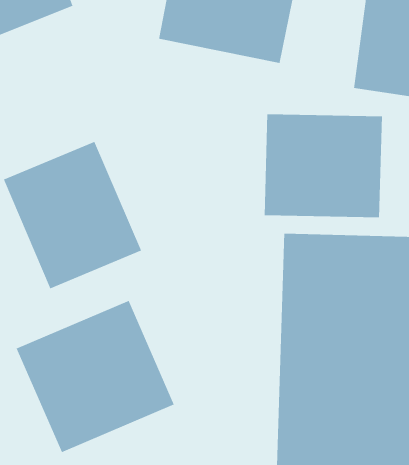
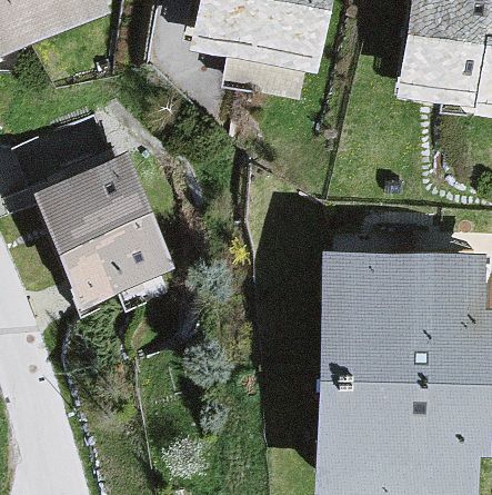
building: [264,114,383,218] -> none
building: [16,300,175,453] -> none

